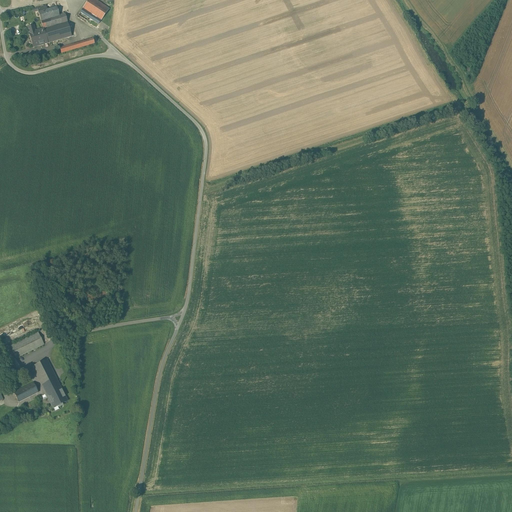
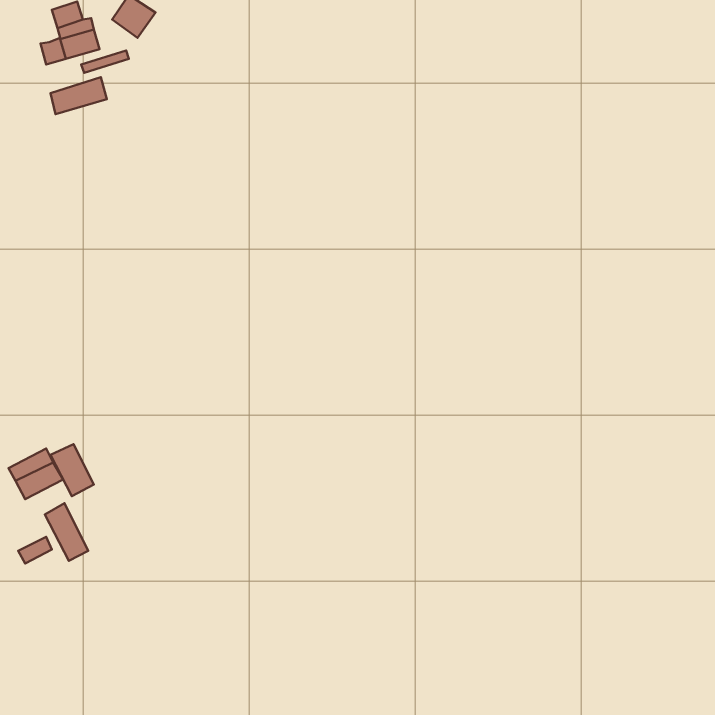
building: none -> [51,77,107,114]
building: none -> [50,444,94,496]

